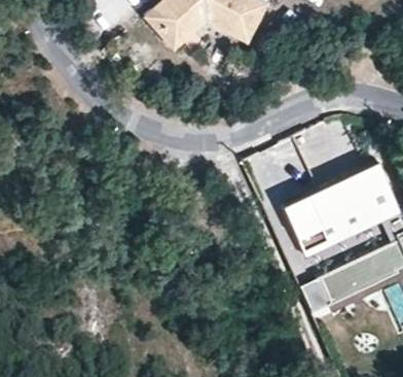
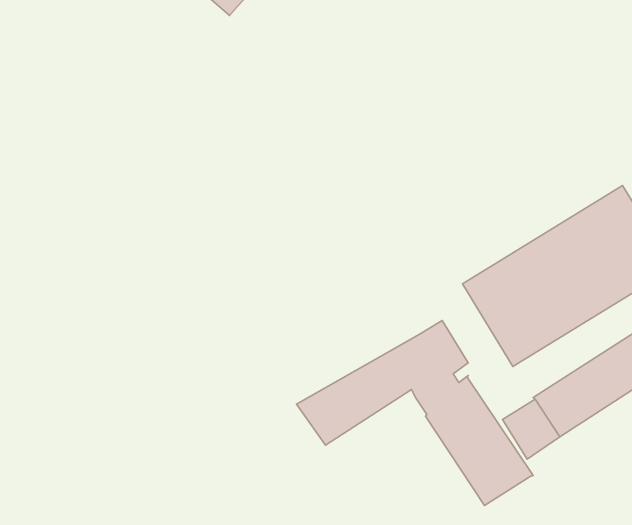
building: none -> [297,321,533,505]

